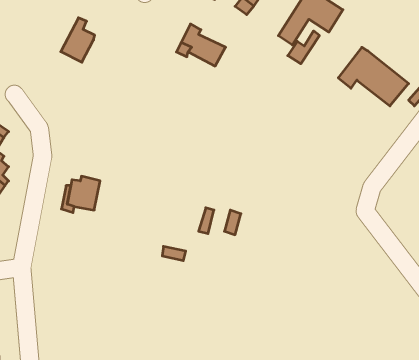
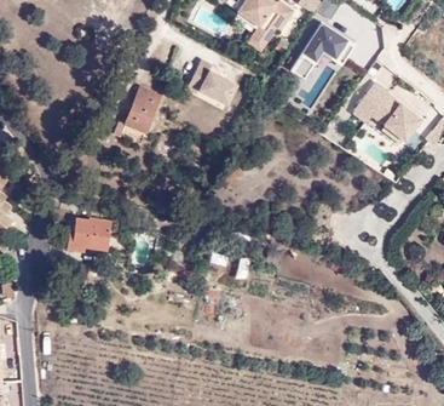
building: [61,18,95,62] -> [117,85,152,131]

